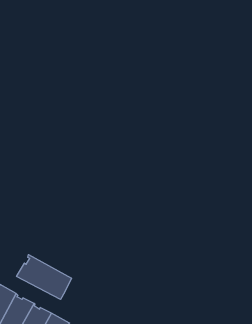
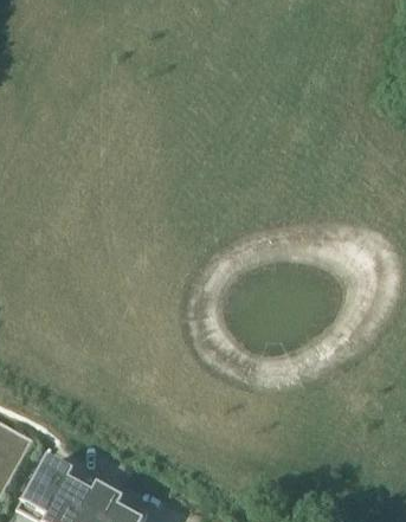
building: [17,255,71,299] -> none

